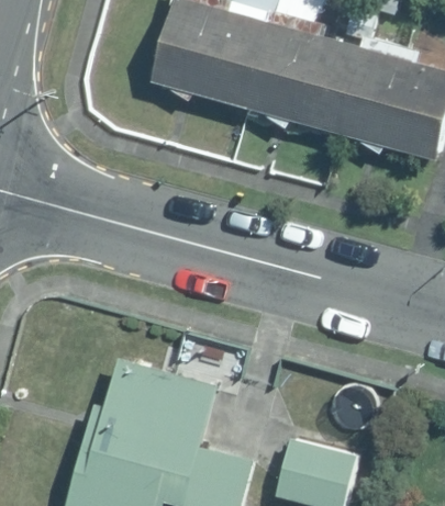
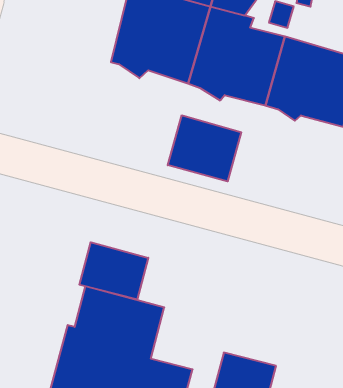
building: none -> [168,115,241,181]
building: none -> [79,242,148,300]

